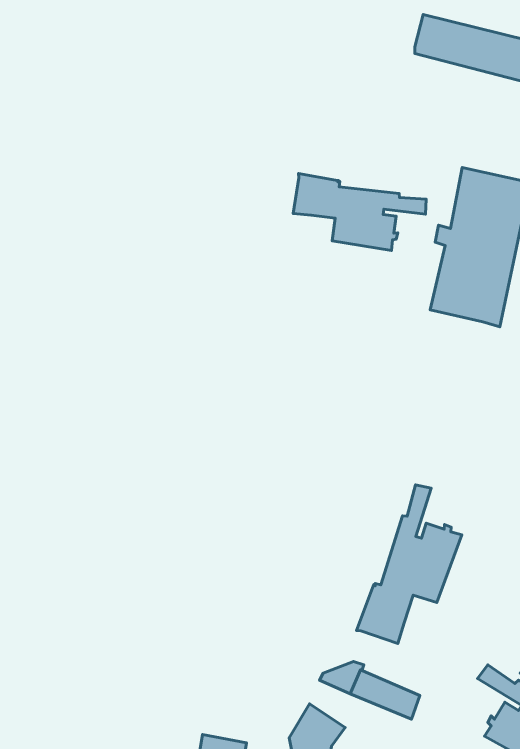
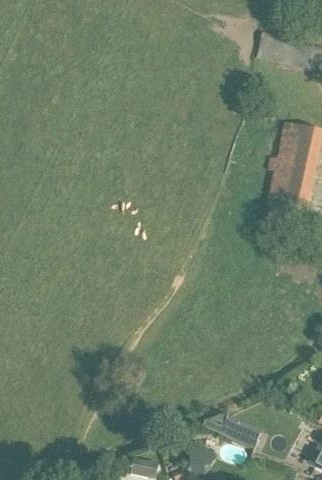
building: [293,174,426,251] -> none
building: [356,485,462,644] -> none

